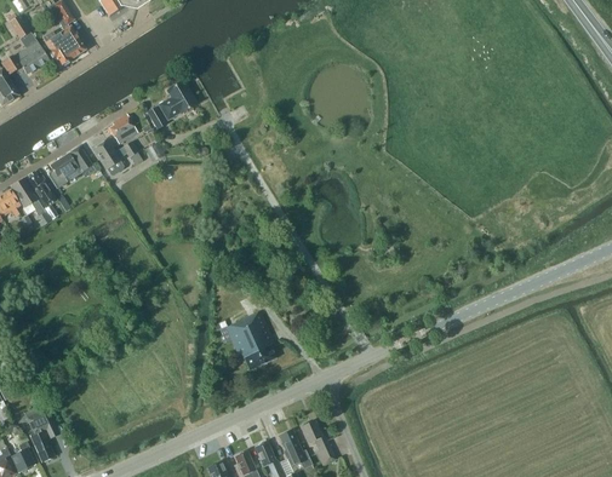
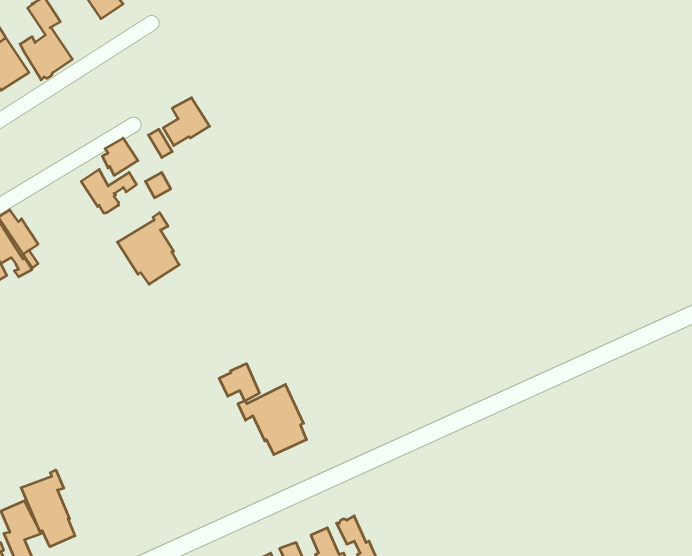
building: [47,146,91,188] -> none
building: none -> [117,213,179,284]
building: none -> [219,364,259,401]
building: none -> [21,470,75,547]

